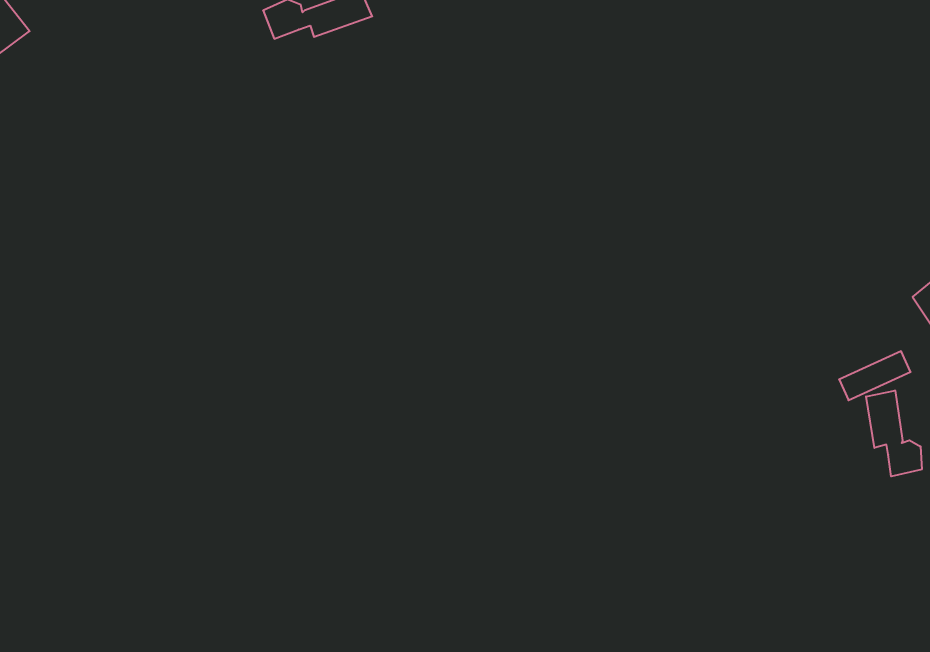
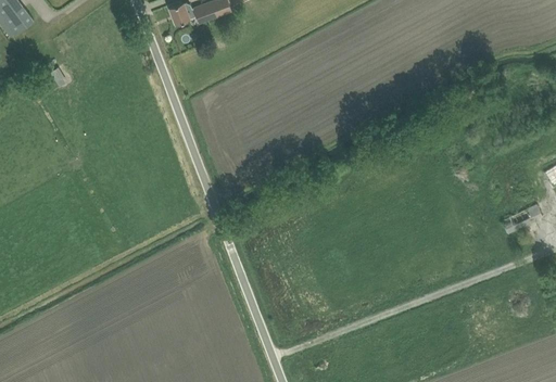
building: [866,390,922,476] -> none

